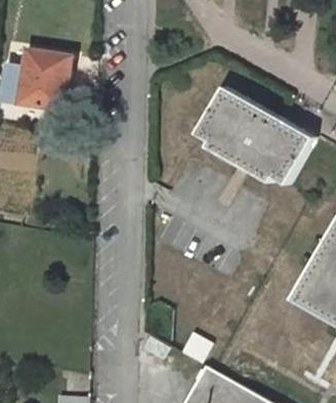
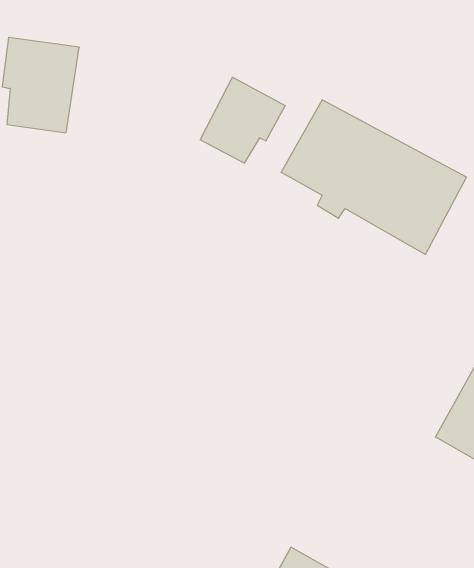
building: none -> [200,77,285,163]

